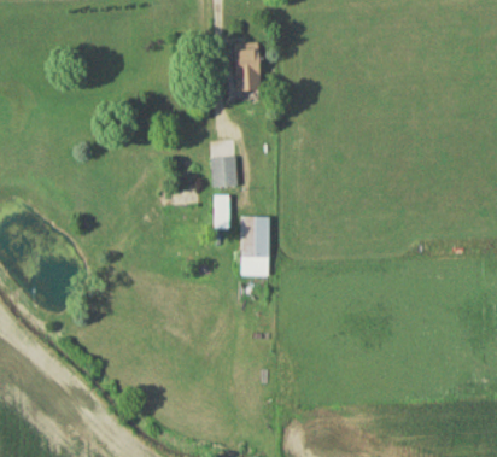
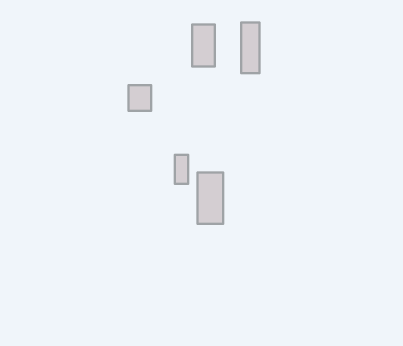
building: none -> [241,22,260,73]
building: [211,157,238,187] -> [129,85,151,111]

